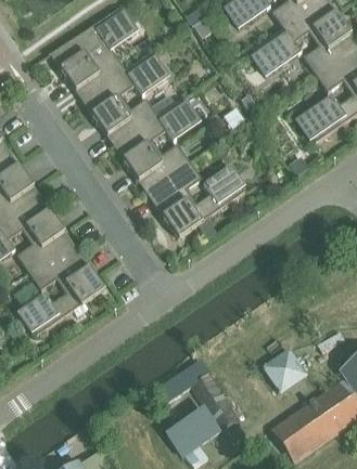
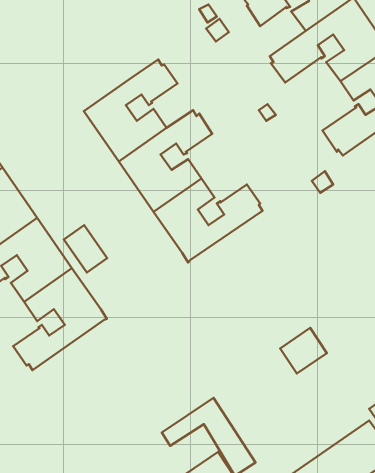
building: [48,8,136,101] -> none
building: none -> [64,225,107,272]
building: [263,350,305,391] -> [280,328,327,374]

